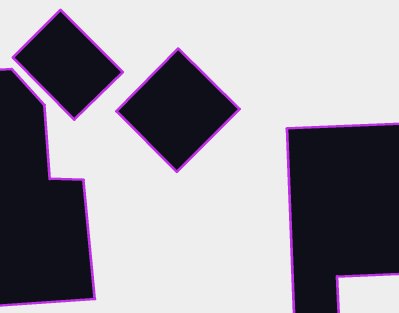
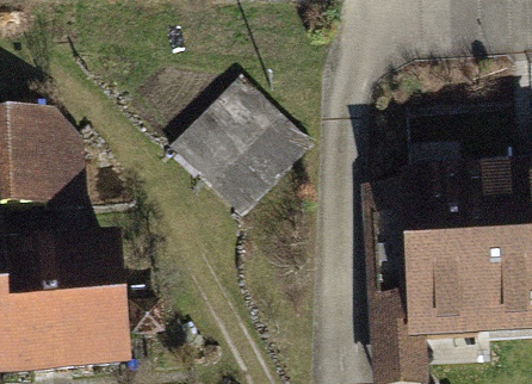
building: [13,10,123,120] -> none

